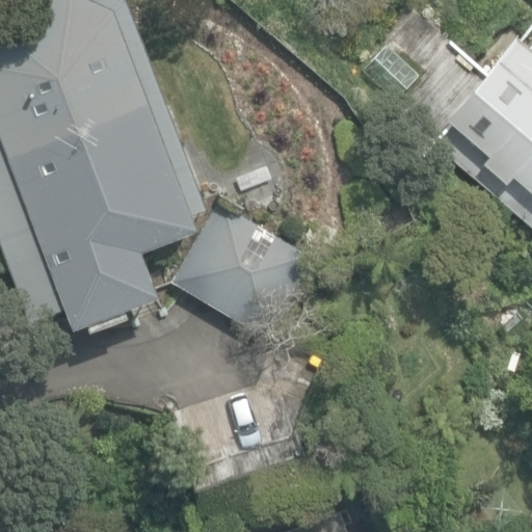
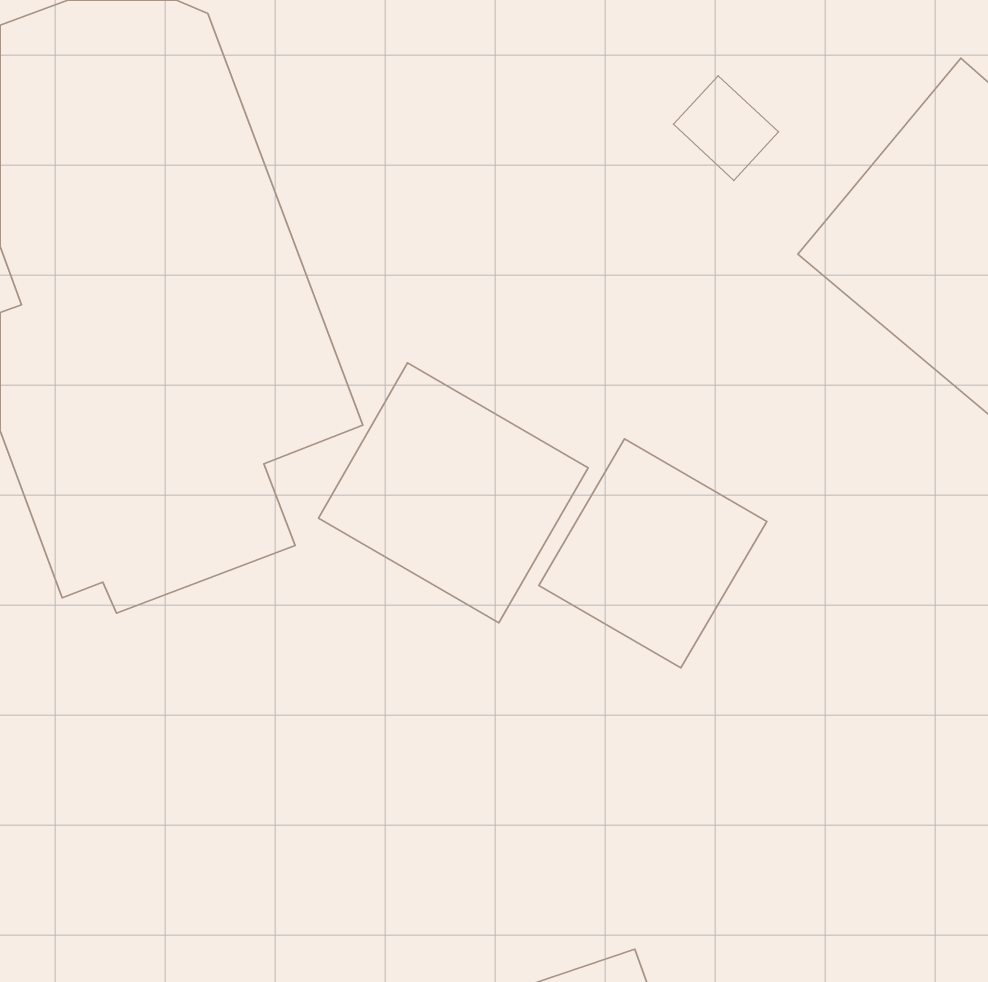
building: none -> [539,439,767,668]

